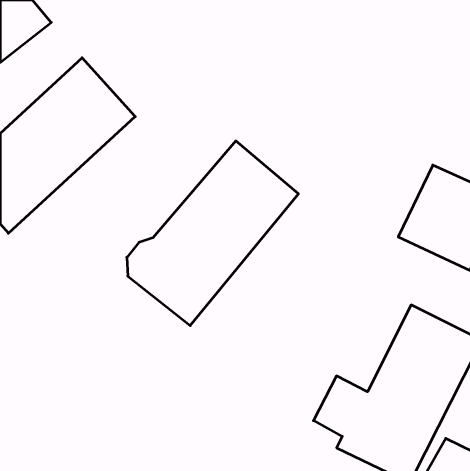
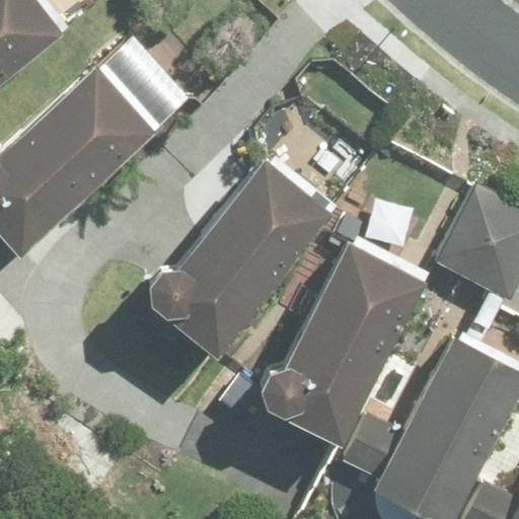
building: none -> [255,241,429,450]

